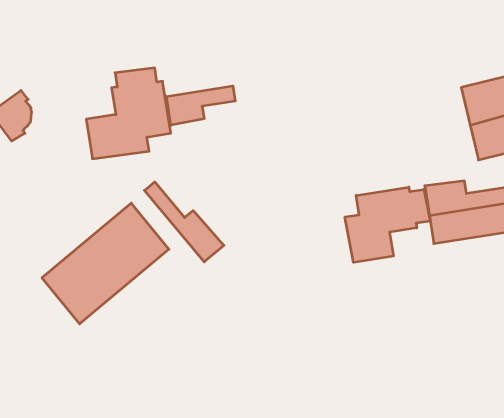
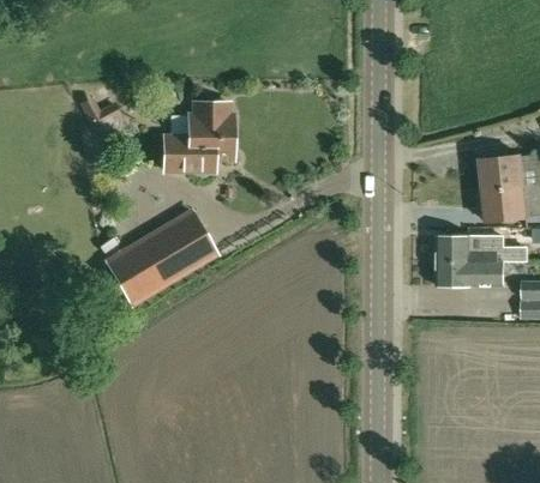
building: [166,86,235,125] -> none
building: [144,182,224,262] -> none
building: [345,187,430,262] -> none

